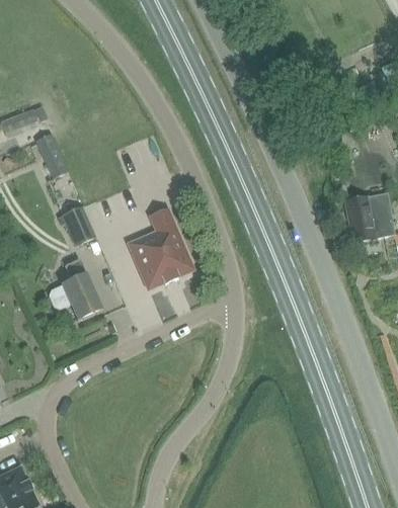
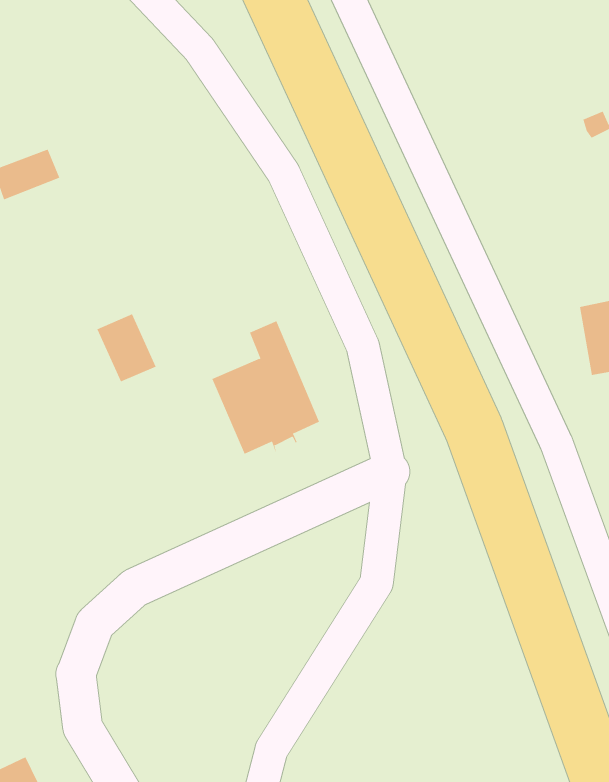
building: [37,134,69,176] -> none
building: [50,259,100,320] -> none

